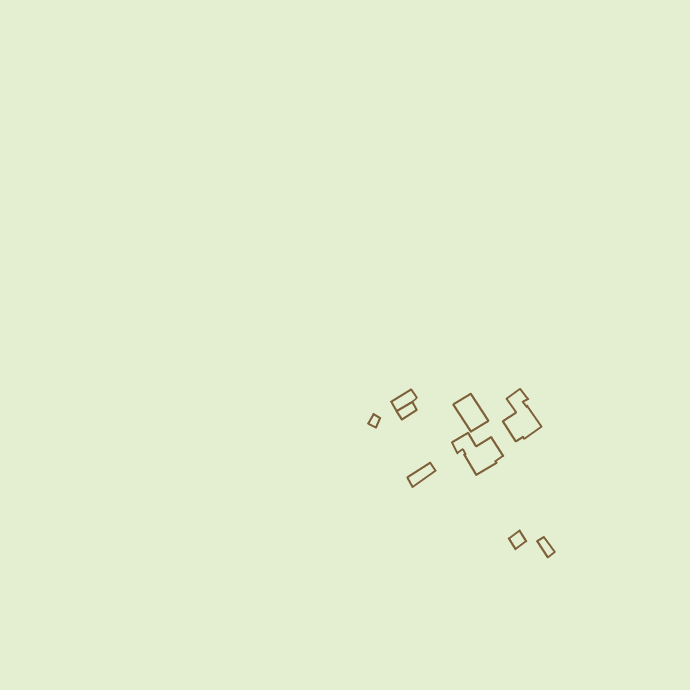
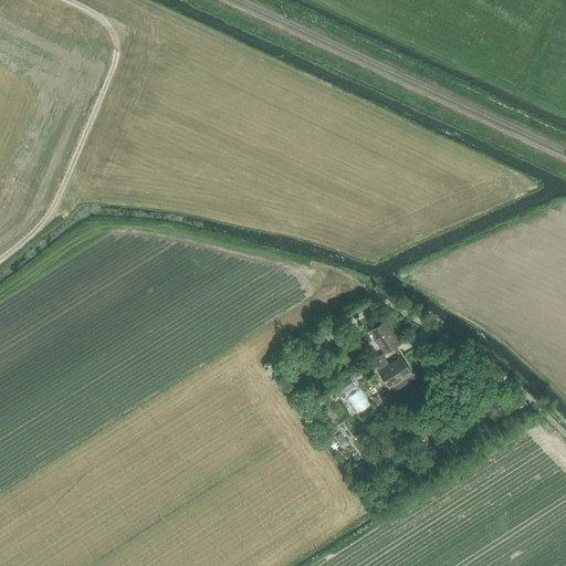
building: [503,389,541,441] -> none

